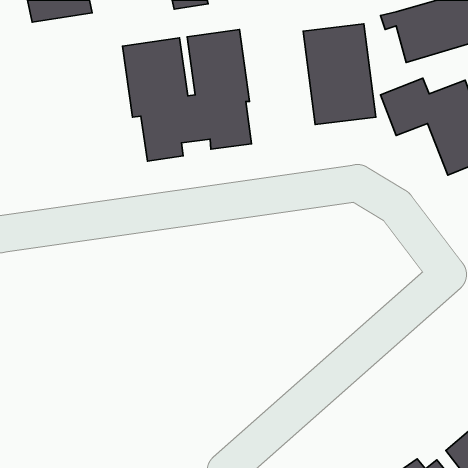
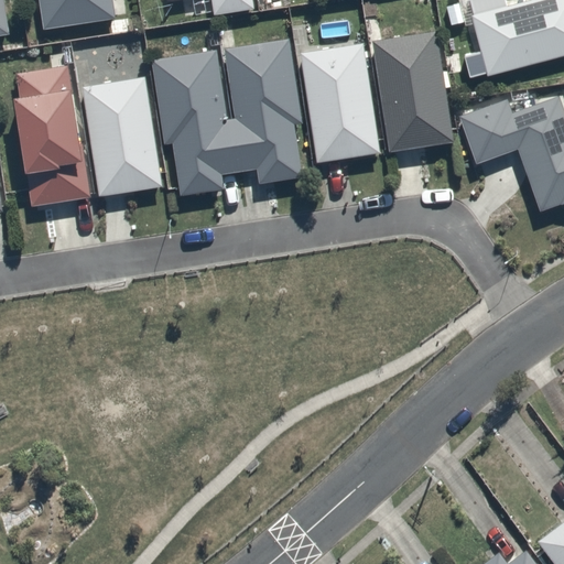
building: none -> [300,41,380,161]
building: none -> [11,65,87,207]
building: none -> [80,75,161,195]

